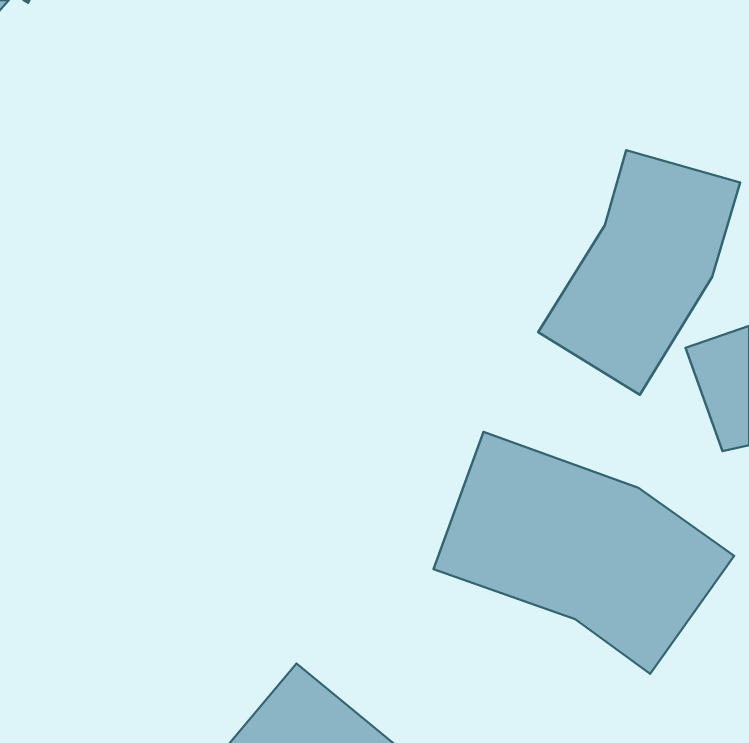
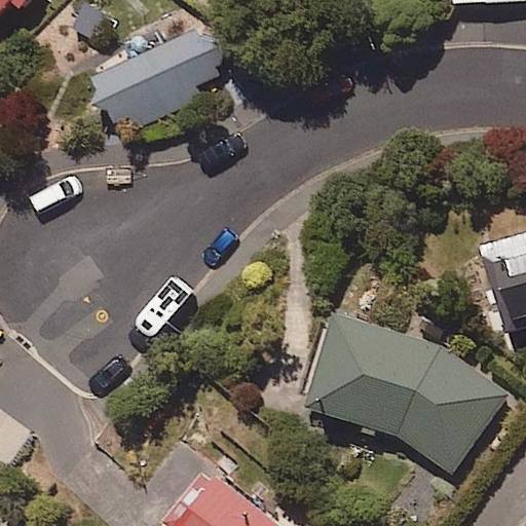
building: none -> [91,16,242,137]
building: [538,150,740,395] -> none

